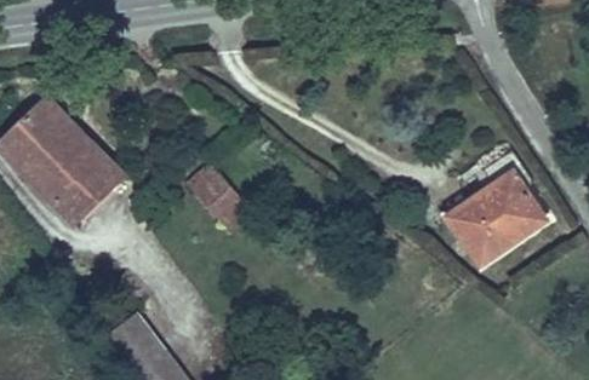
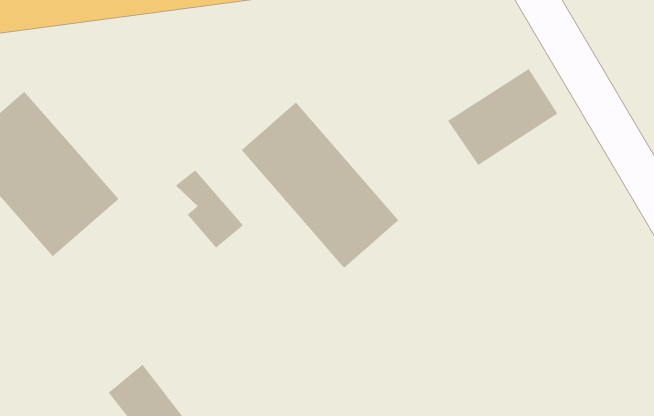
building: none -> [241,101,399,269]
building: [451,178,543,259] -> [447,68,558,166]

